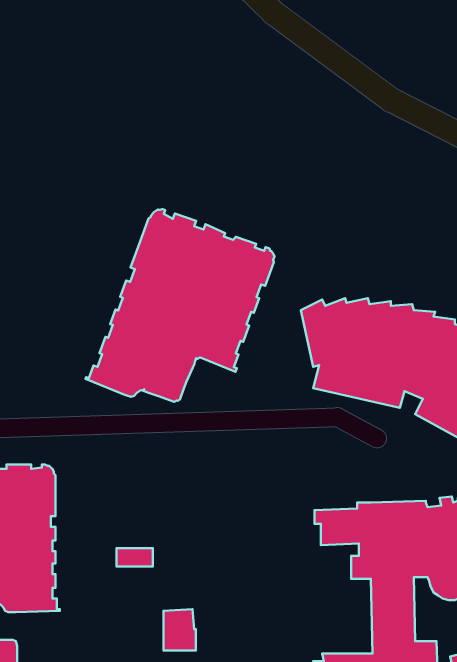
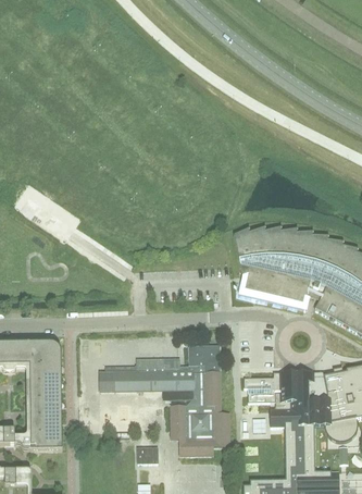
building: [86,209,274,402] -> none
building: none -> [100,345,229,456]

